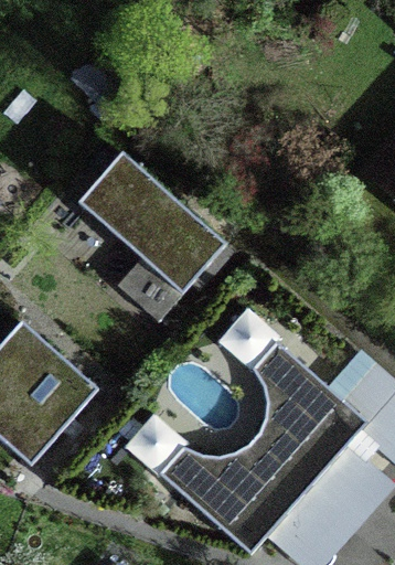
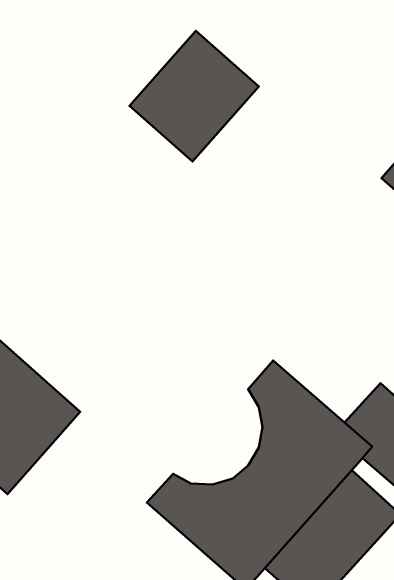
building: none -> [130,31,259,162]
building: [79,153,226,322] -> none

